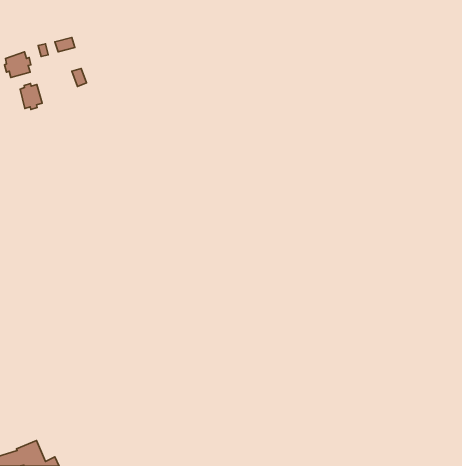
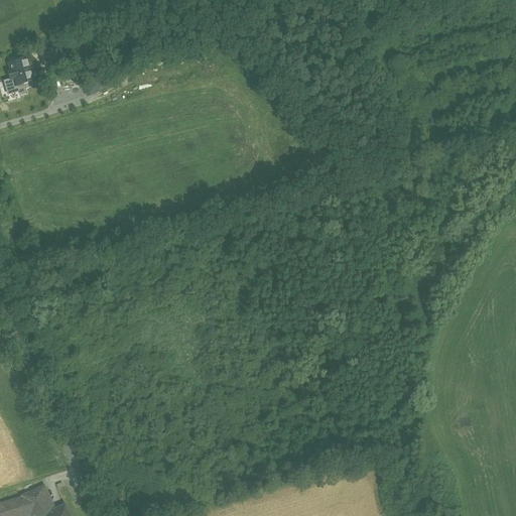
building: [20,83,42,110] -> none

